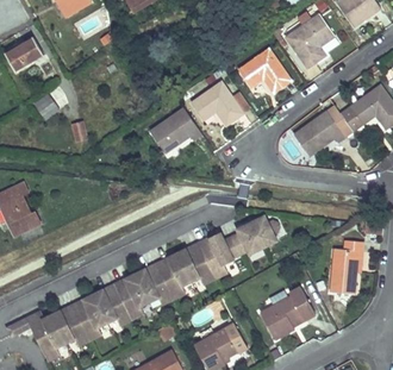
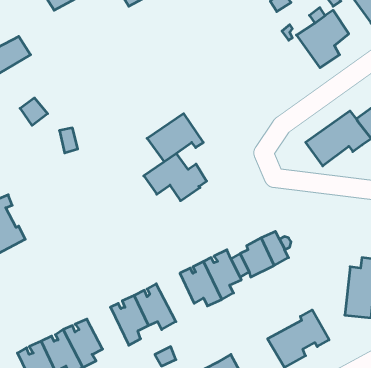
building: [238,49,291,93] -> none
building: [192,82,249,125] -> [144,154,207,201]
building: [158,253,193,297] -> none
building: [95,284,133,325] -> none

